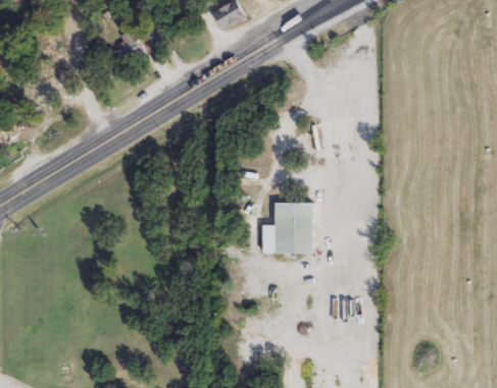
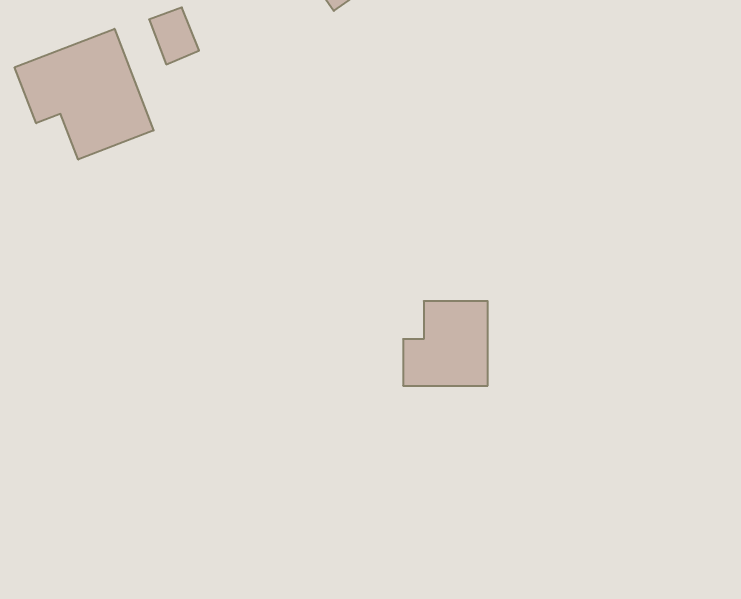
building: none -> [15,29,154,160]

